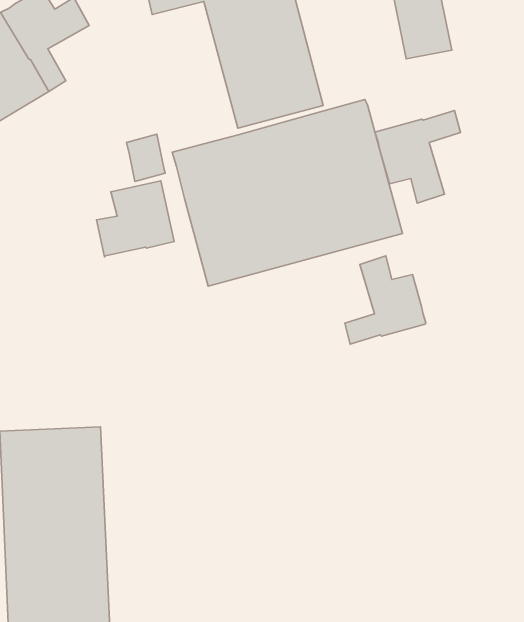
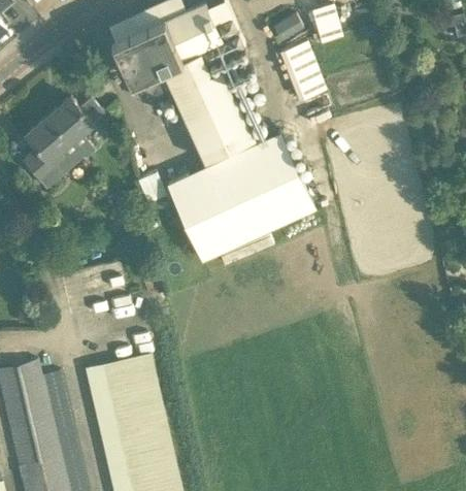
building: [375,110,460,203] -> none
building: [96,181,174,257] -> none
building: [345,256,426,344] -> none

